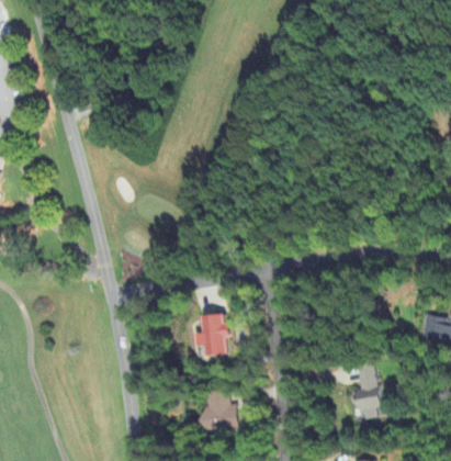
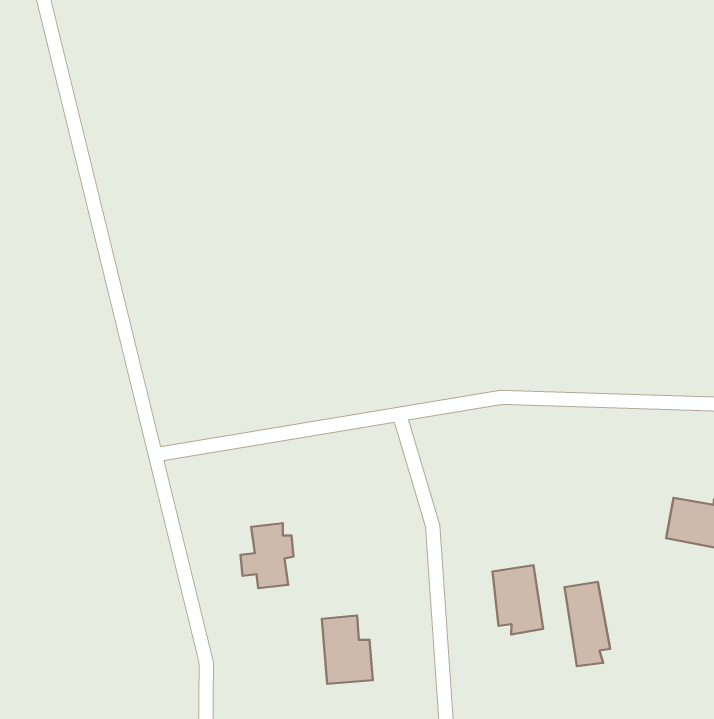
building: [194,314,227,355] -> [241,523,293,588]
building: none -> [493,565,543,634]

